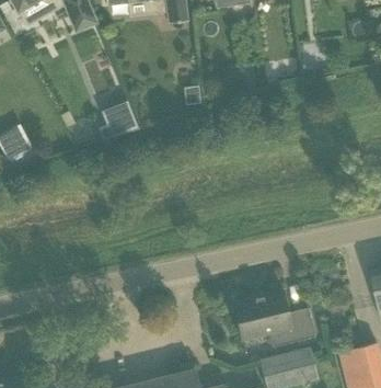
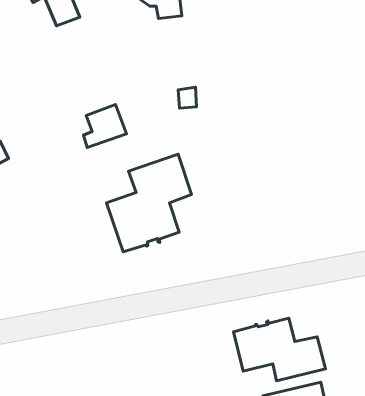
building: none -> [106,154,192,252]

